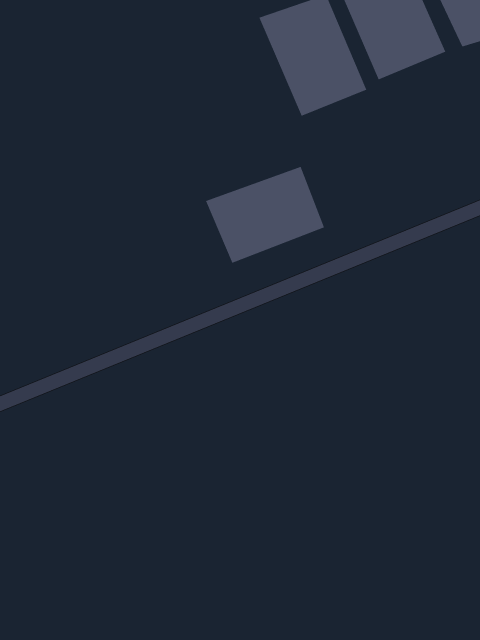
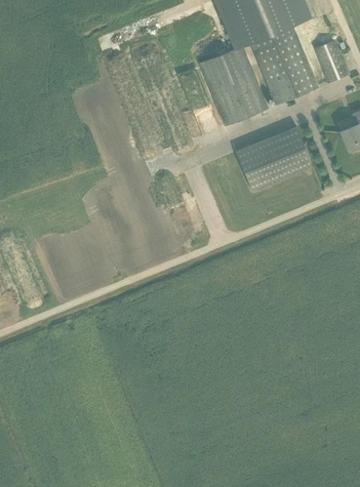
building: [205,166,325,264] -> [233,128,311,192]

